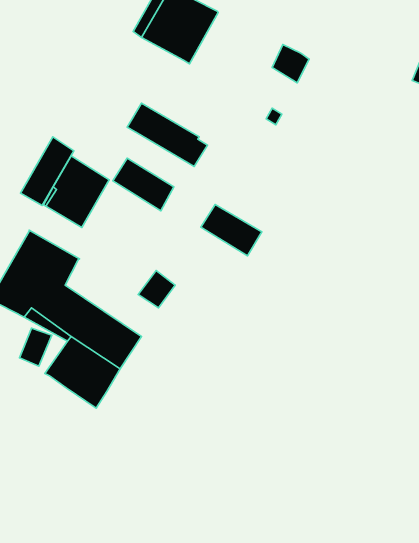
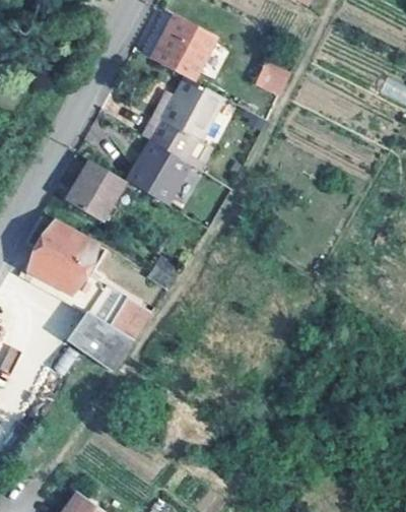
building: none -> [150,77,223,142]
building: [20,137,74,205] -> none
building: [201,204,262,256] -> [138,141,190,185]

